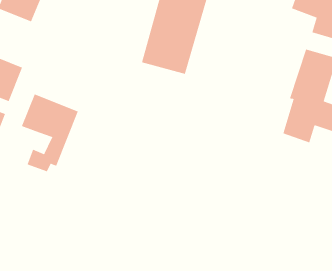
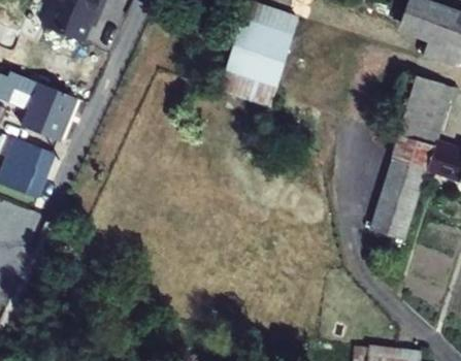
building: [21,94,79,172] -> none
building: none -> [370,177,420,239]

